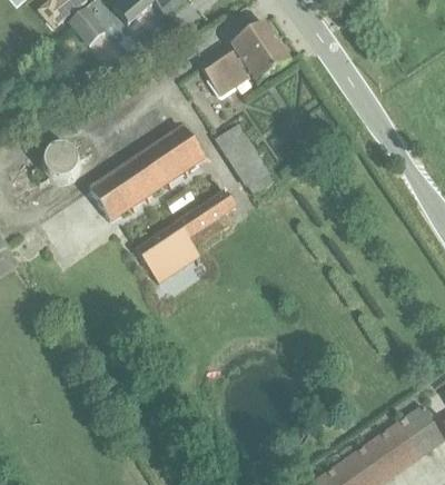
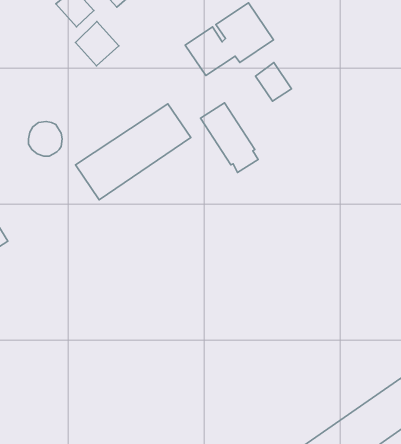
building: none -> [75,21,119,66]
building: none -> [255,62,292,101]
building: [136,187,238,280] -> none

